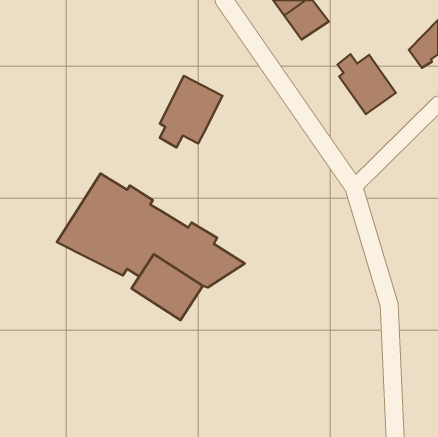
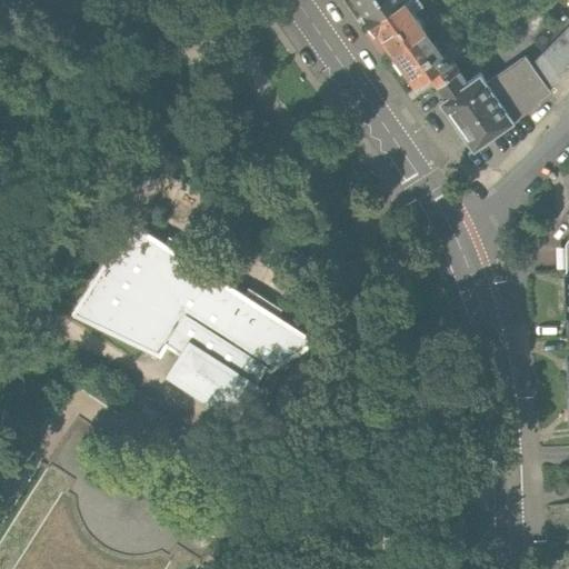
building: none -> [390,30,458,89]
building: none -> [486,59,548,122]
building: [160,76,222,148] -> none

